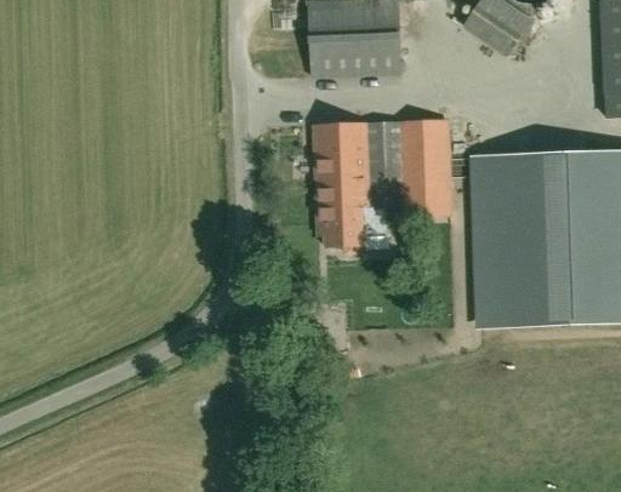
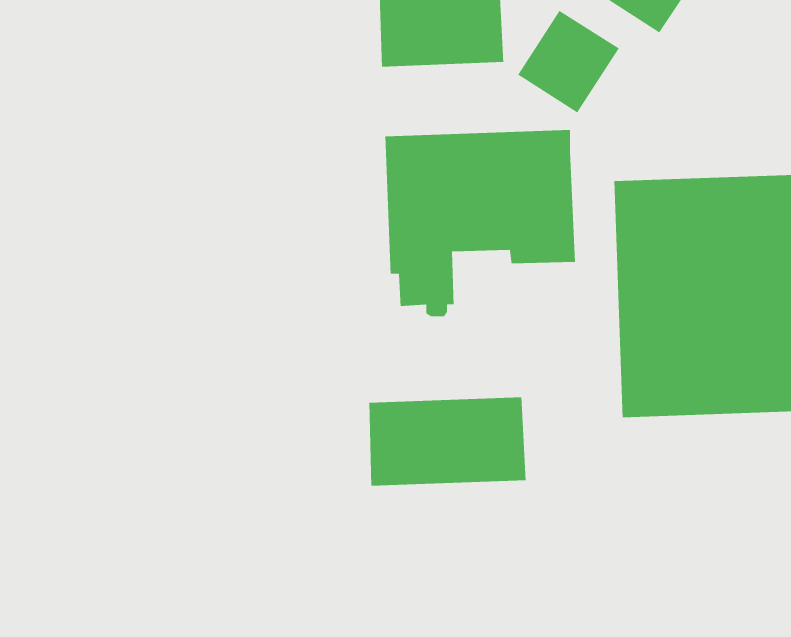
building: none -> [517,10,620,113]
building: none -> [368,396,526,487]

